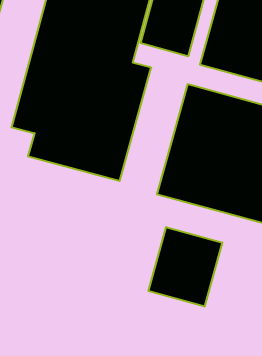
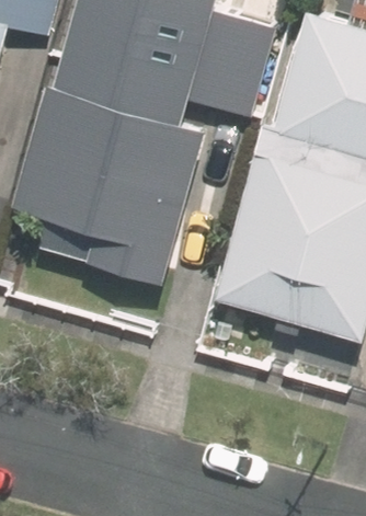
building: [148,227,222,307] -> none

